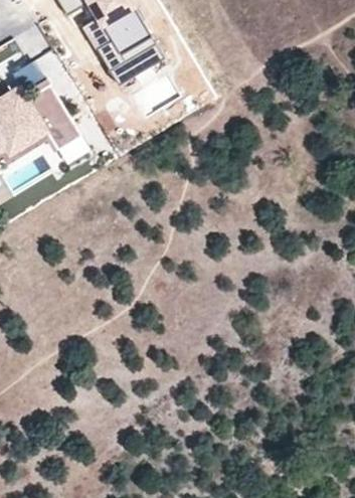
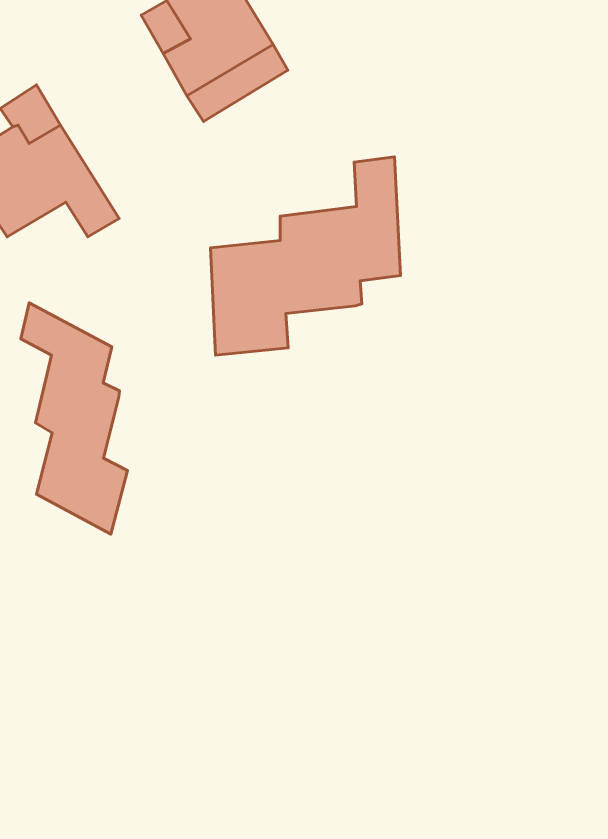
building: none -> [210,157,400,355]
building: none -> [21,303,128,534]

